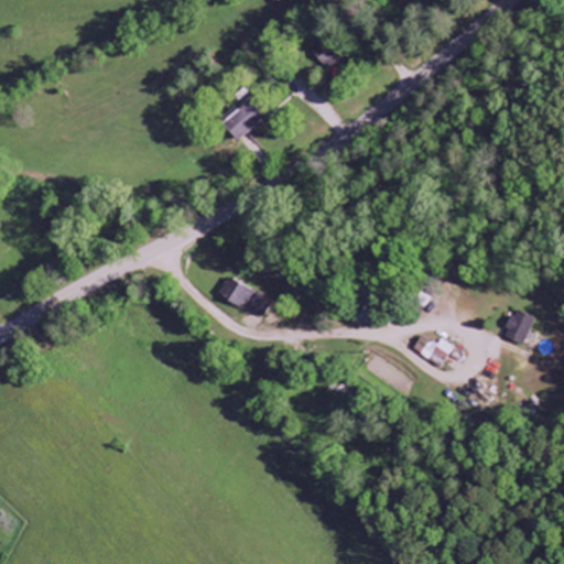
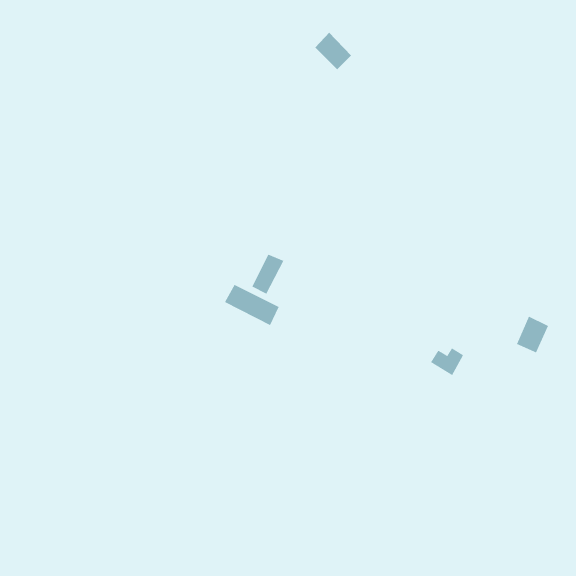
building: [221,97,265,140] -> none
building: none -> [251,254,284,295]

